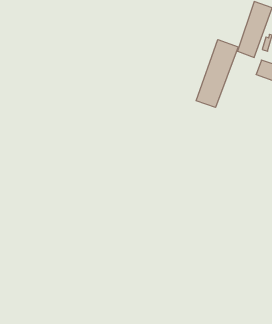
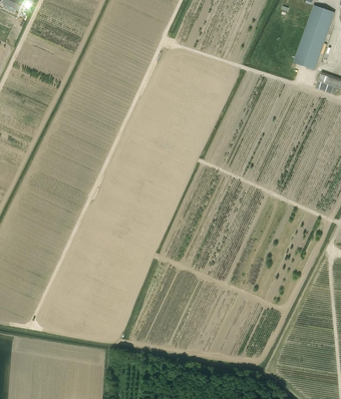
building: [196,40,238,107] -> none

